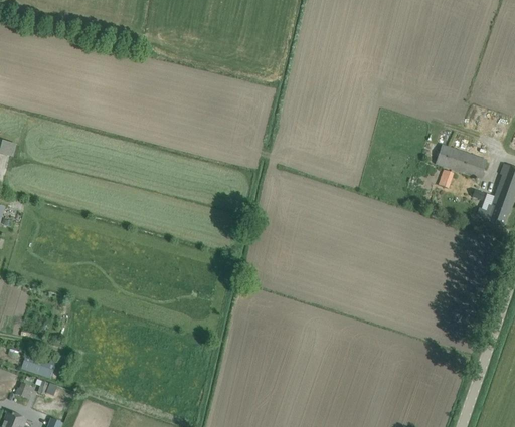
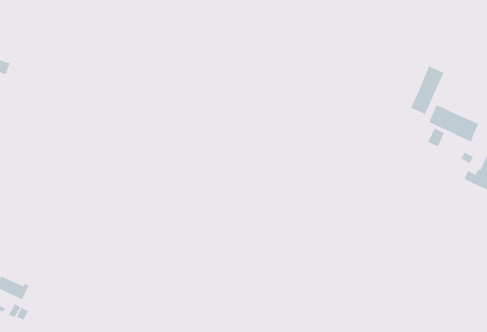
building: none -> [411,65,444,115]

